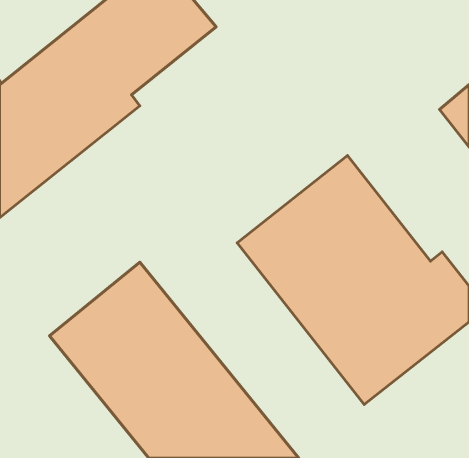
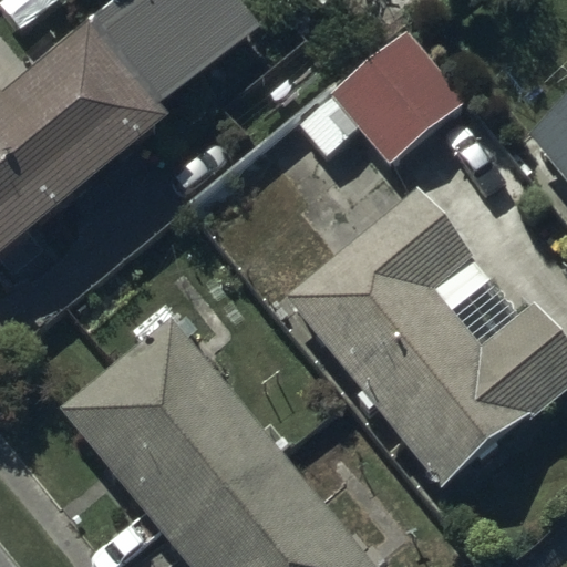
building: none -> [301,27,465,194]

